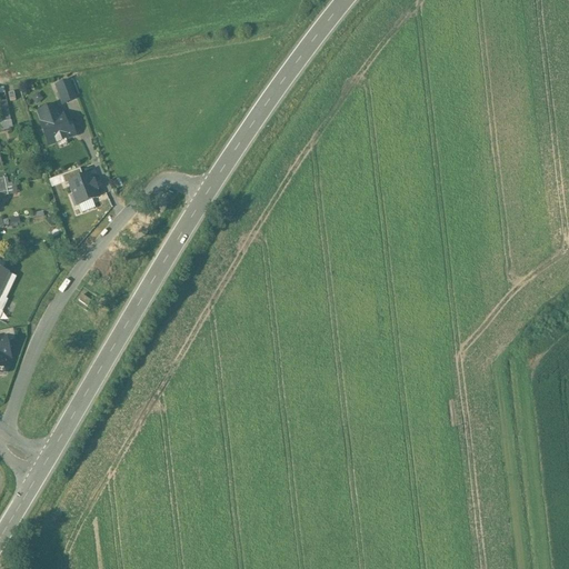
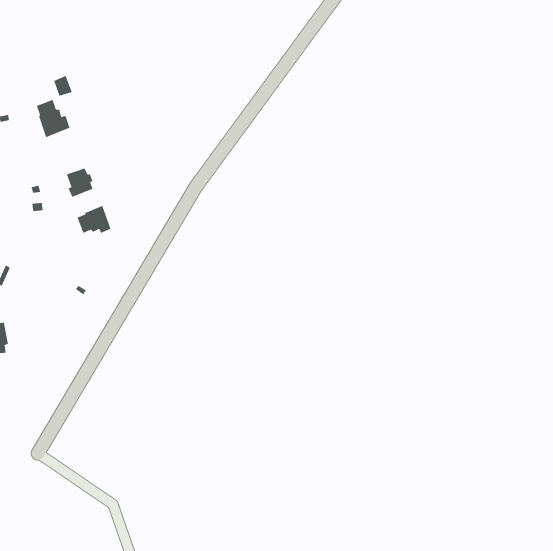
building: none -> [77,205,112,234]

